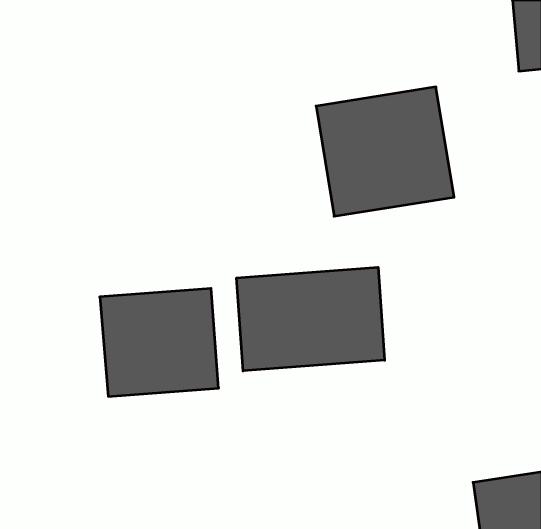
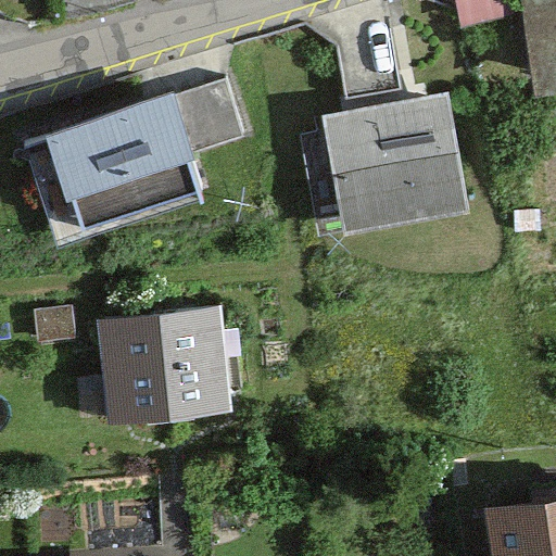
building: none -> [50,87,244,225]
building: [237,267,385,371] -> none

